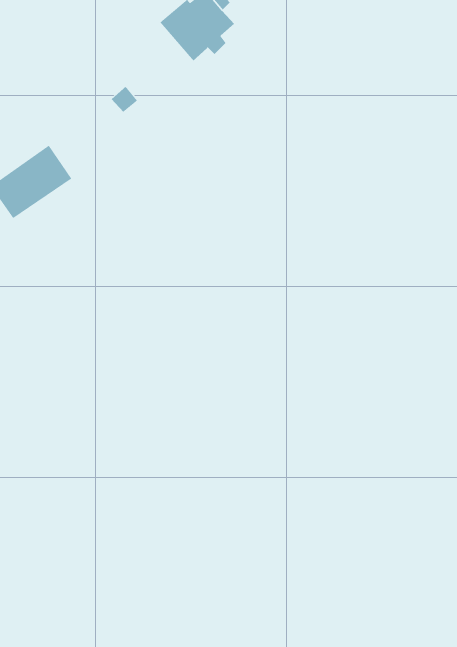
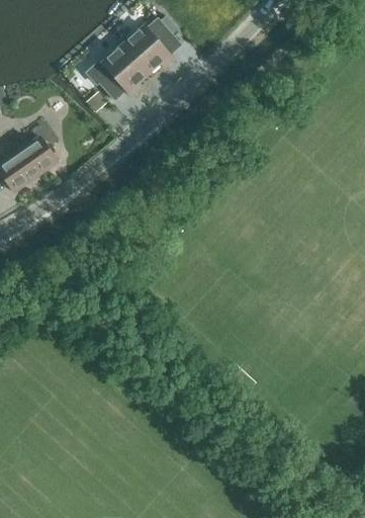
building: none -> [86,44,148,101]

